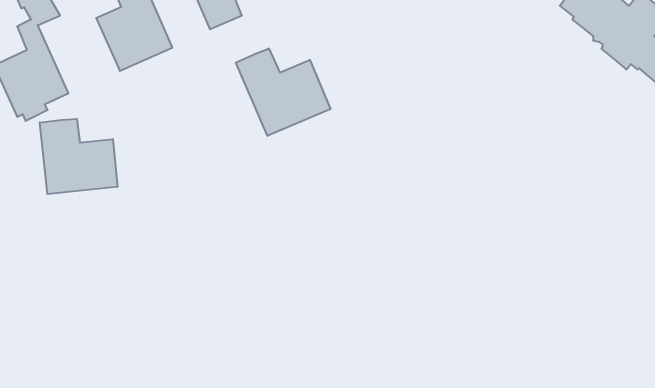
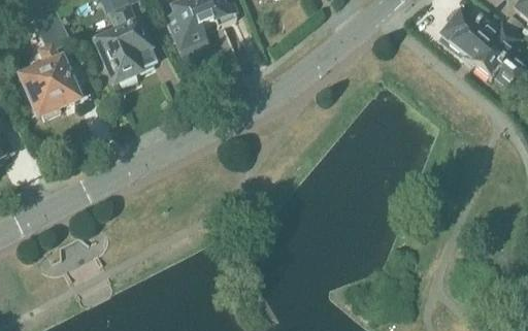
building: [236,48,331,136] -> none
building: [40,119,117,194] -> none

